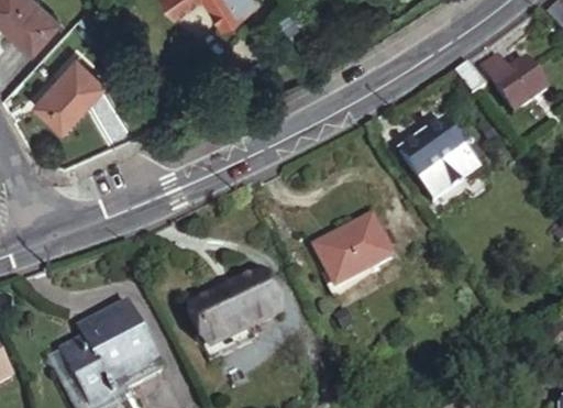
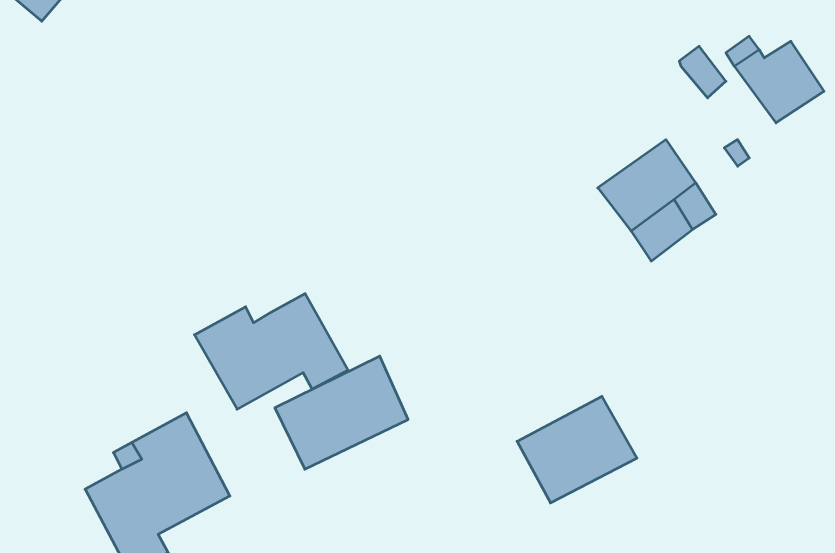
building: [33,55,98,124] -> none
building: [318,214,397,285] -> [517,396,637,503]
building: none -> [194,294,348,409]

